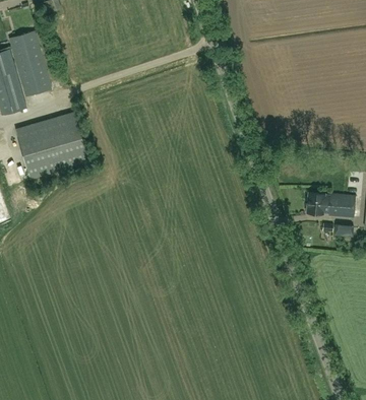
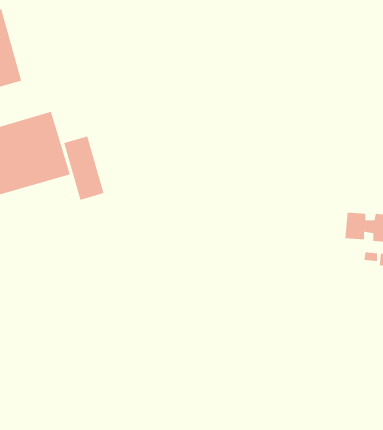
building: none -> [63,135,105,201]

